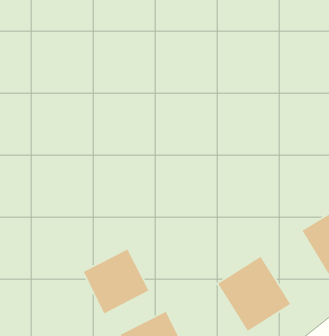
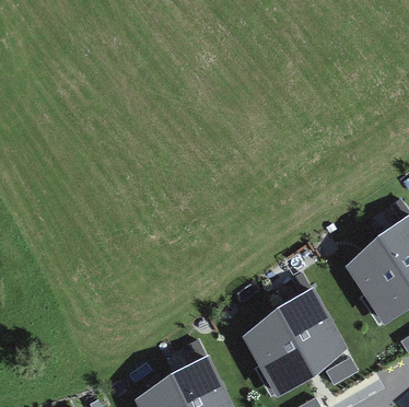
building: [83,248,149,314] -> none

